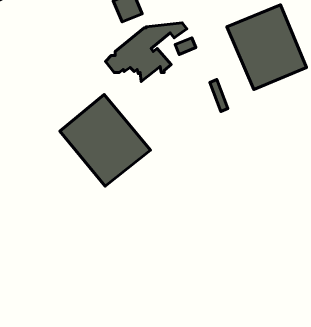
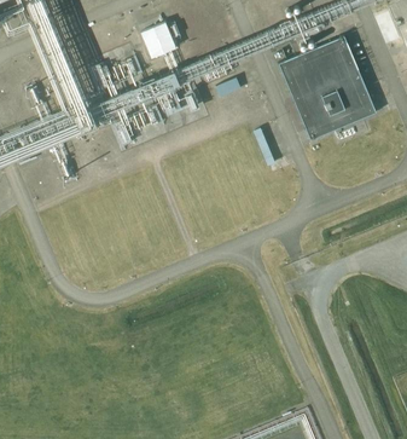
building: [60,95,150,186] -> none

